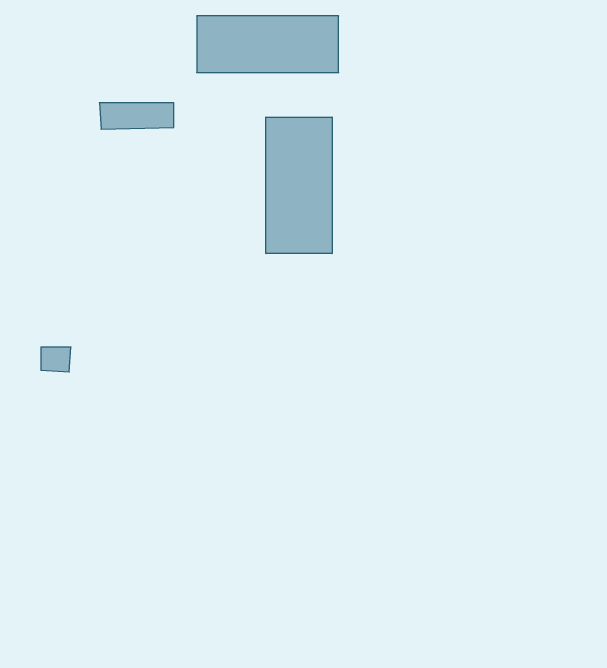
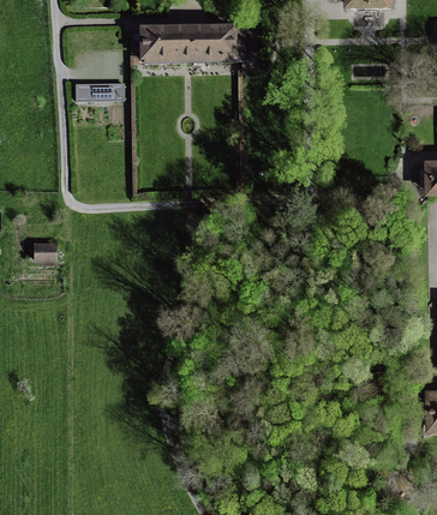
building: [266,117,332,254] -> none

